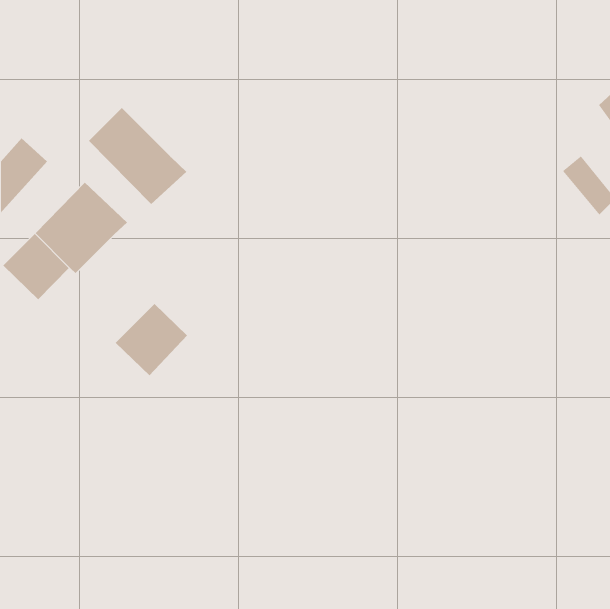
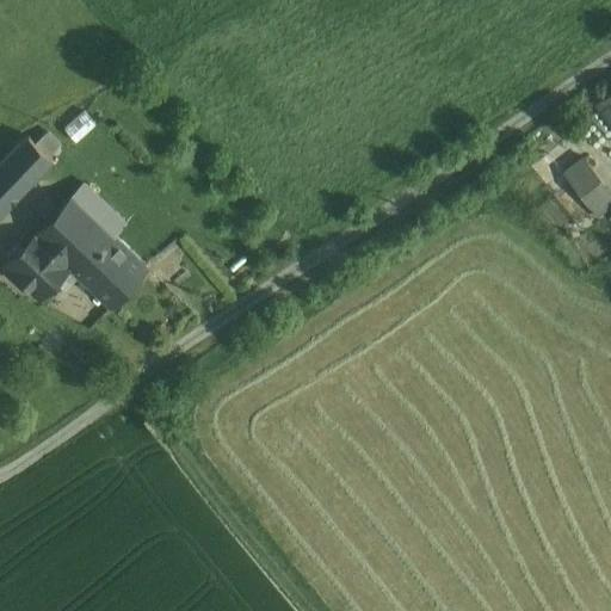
building: [88,107,187,205] -> none
building: [115,303,188,376] -> [76,236,149,309]

